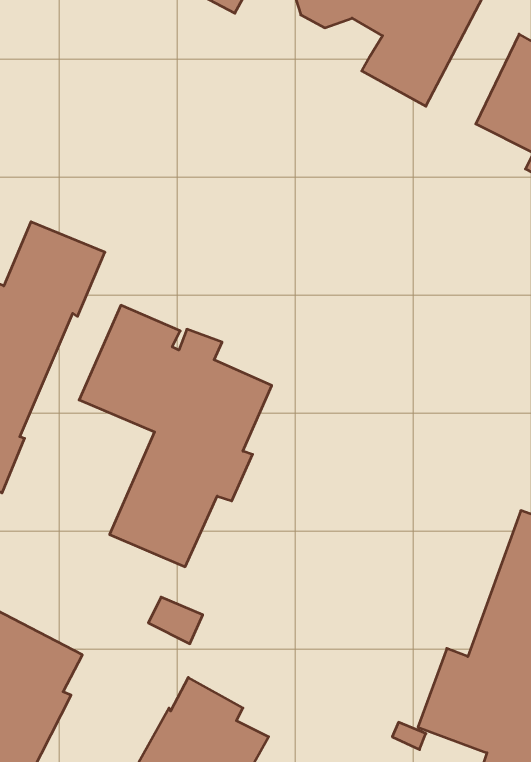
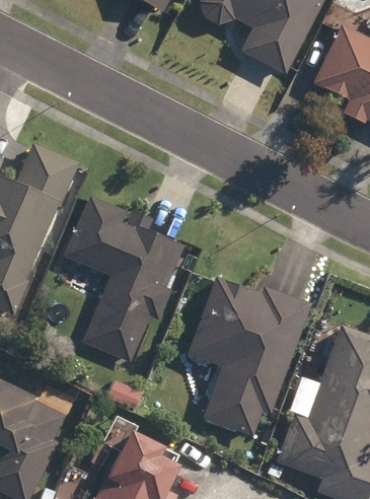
building: none -> [187,276,313,436]

